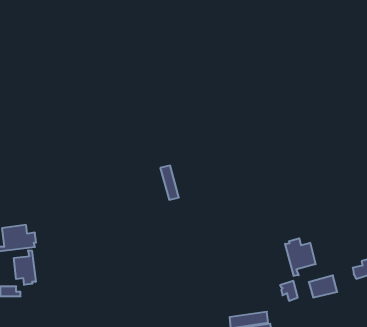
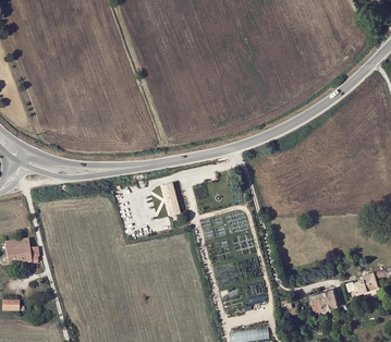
building: [285,238,316,276] -> none
building: [14,250,36,285] -> none

